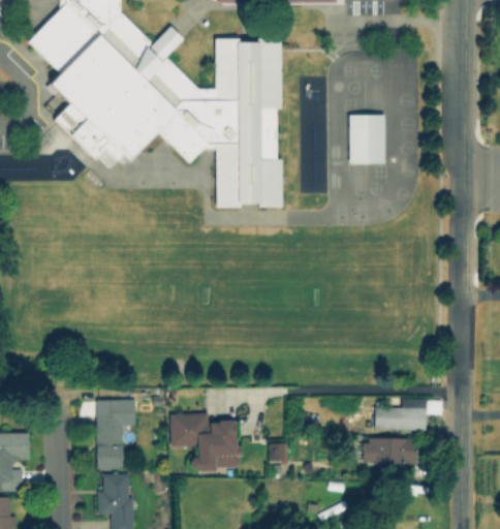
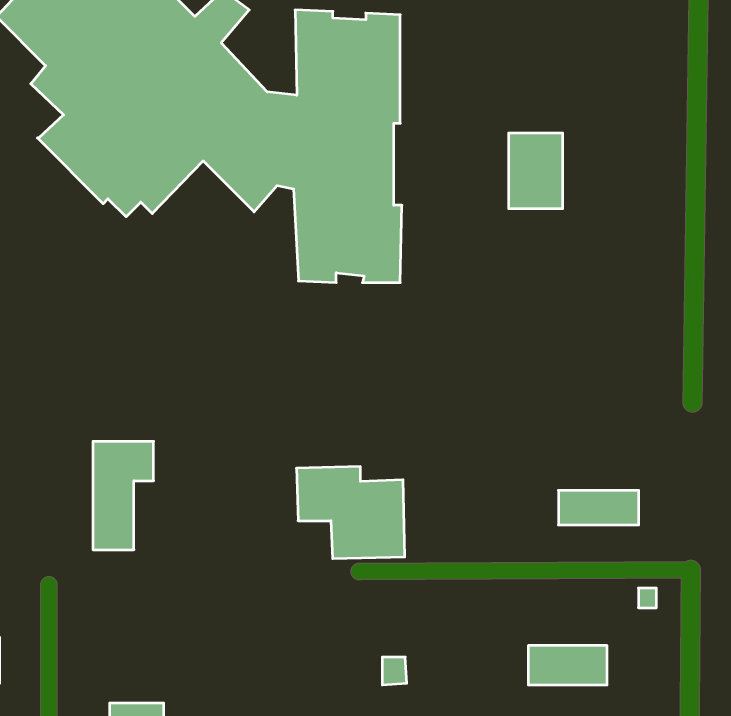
building: [97,401,135,469] -> [93,441,154,550]
building: [375,407,426,429] -> [558,490,639,525]
building: [170,412,239,470] -> [296,467,405,559]

